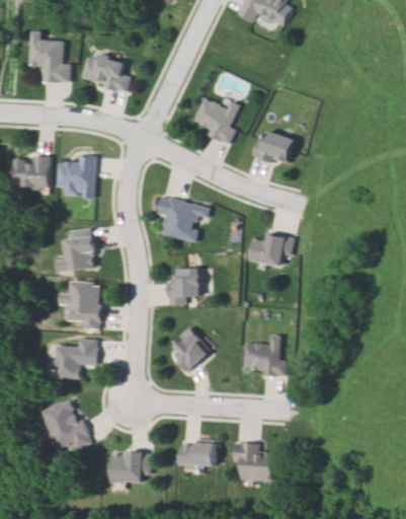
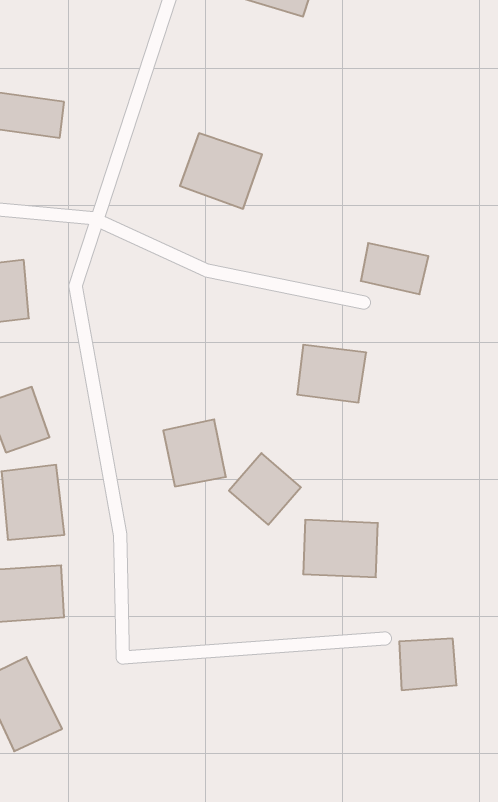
building: [252,133,295,167] -> [361,243,428,294]
building: [154,198,204,242] -> none
building: [165,326,209,370] -> [229,453,301,525]
building: [182,440,215,464] -> none
building: [239,448,273,478] -> [399,639,457,690]
building: [110,449,148,479] -> none

